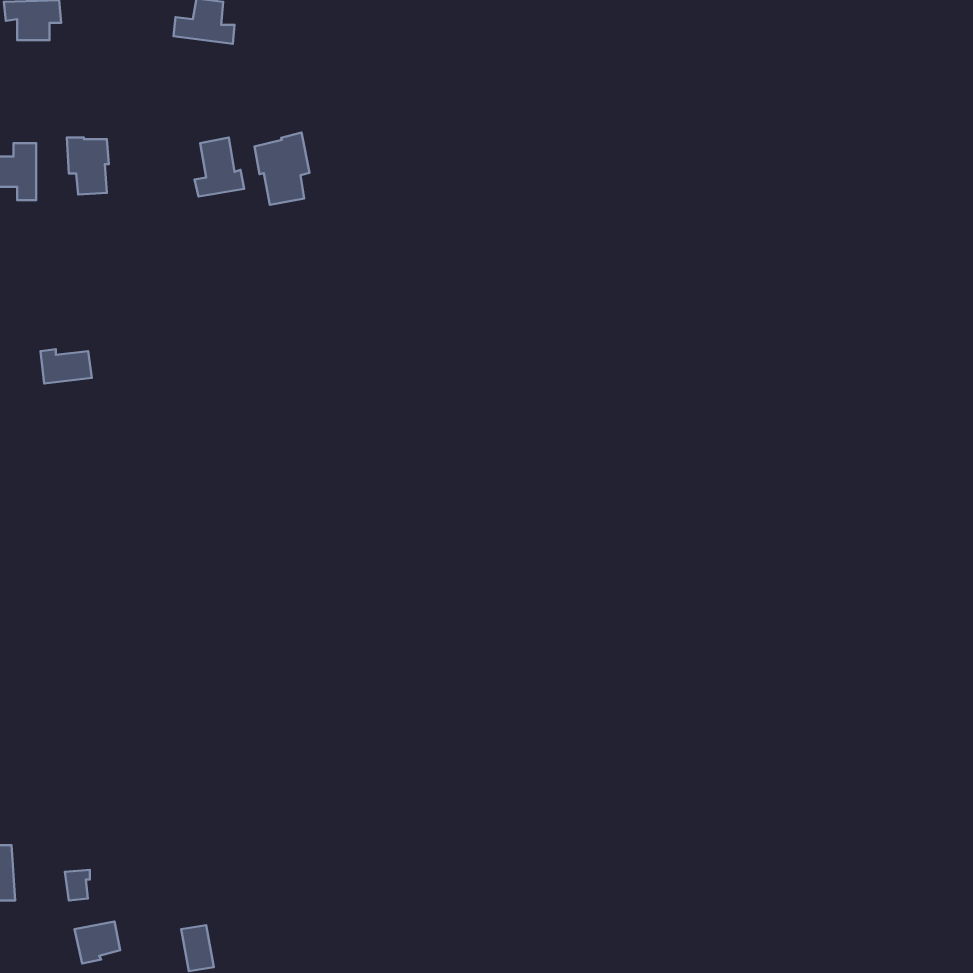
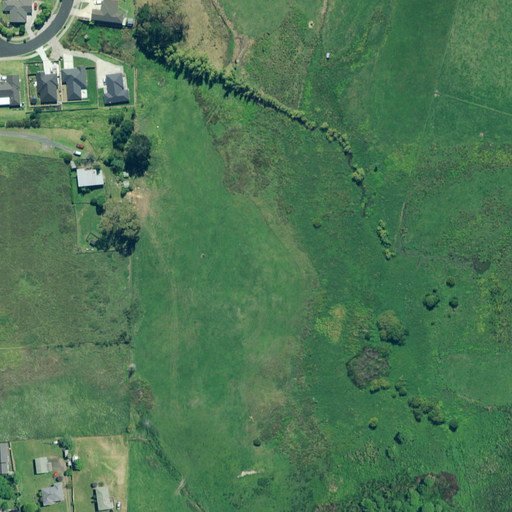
building: none -> [60,67,85,99]
building: [255,133,310,205] -> none
building: [40,349,92,383] -> [77,168,104,186]

